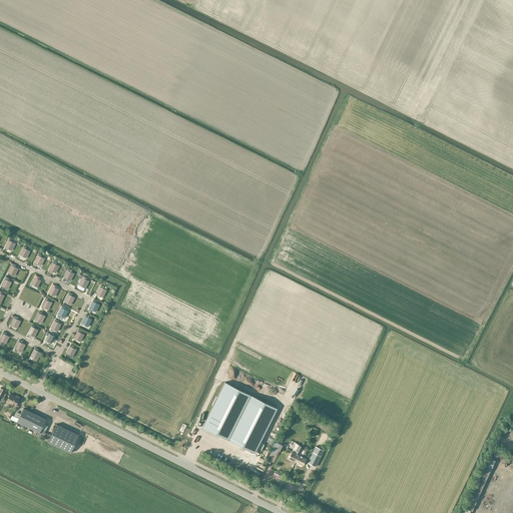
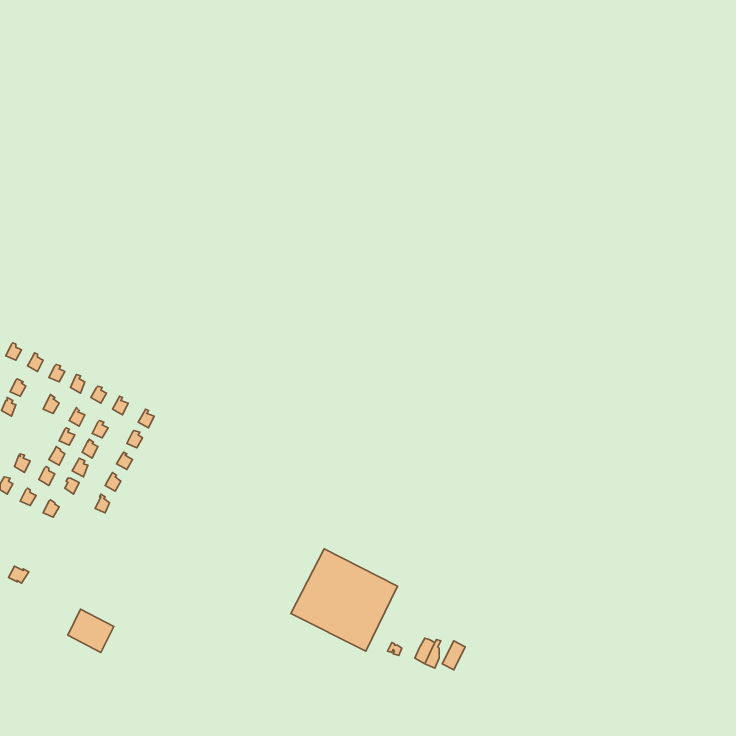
building: [17,408,46,433] -> none

